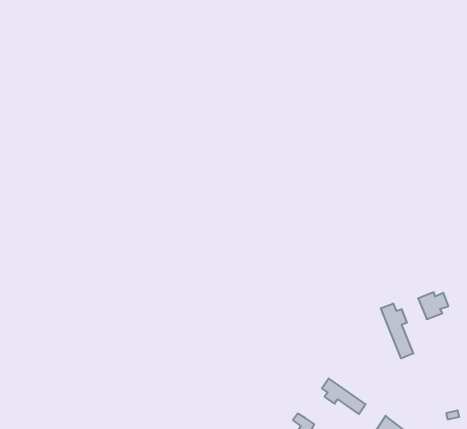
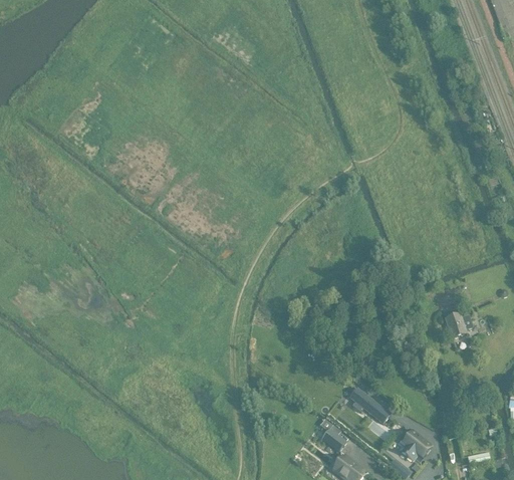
building: [381,303,413,358] -> none

